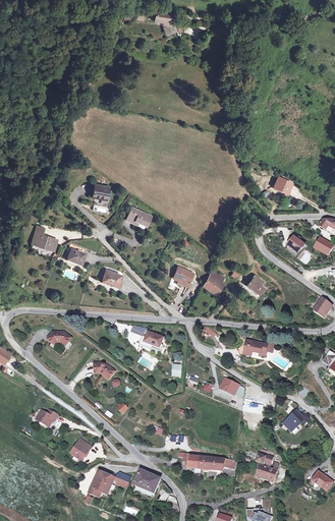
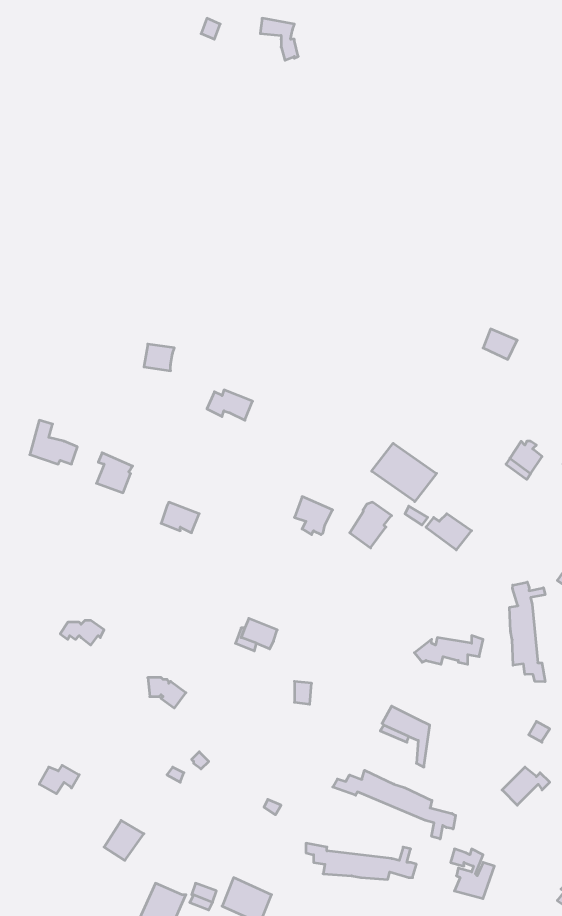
building: none -> [372,443,437,502]
building: none -> [510,582,545,682]
building: none -> [333,770,456,839]

